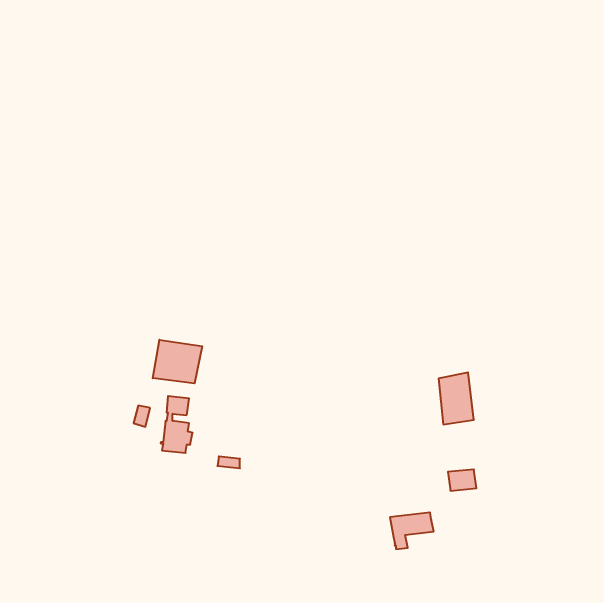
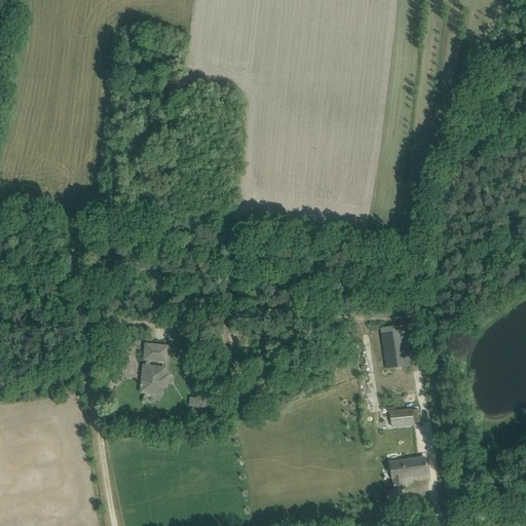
building: [153,340,202,383] -> none
building: [390,512,434,549] -> [389,457,427,489]

